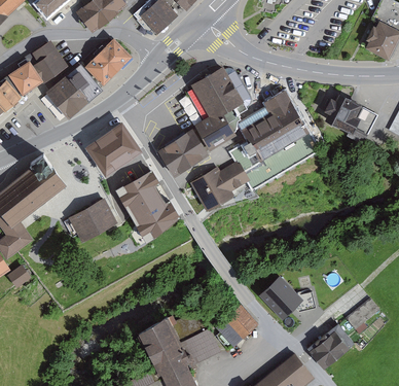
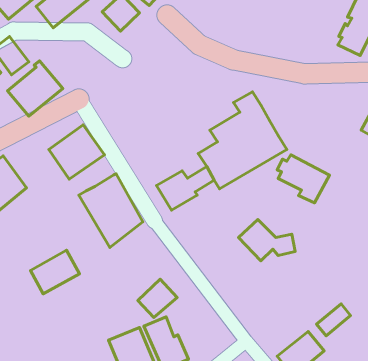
building: [82,39,129,82] -> none
building: [185,67,249,147] -> none
building: [325,96,375,142] -> [277,155,329,203]
building: [157,131,206,176] -> none
building: [68,200,115,242] -> [30,250,79,294]
building: [259,277,314,317] -> [239,219,295,261]
building: [216,307,254,344] -> [138,279,177,318]

